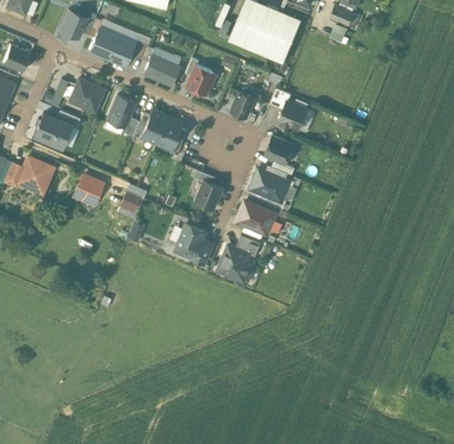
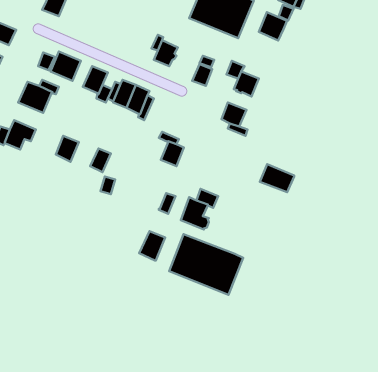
building: [86,25,136,68] -> none
building: none -> [259,12,287,41]
building: [143,55,180,86] -> none
building: [250,168,290,200] -> [260,164,294,192]
building: [235,198,275,234] -> none
building: [175,224,205,257] -> [139,231,165,260]
building: none -> [169,234,243,295]

